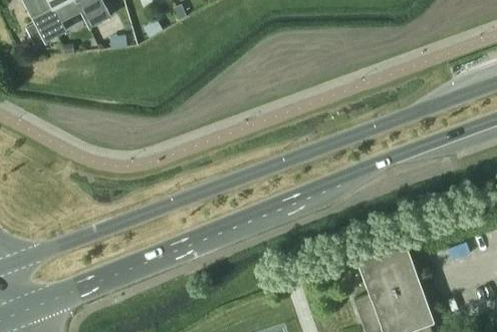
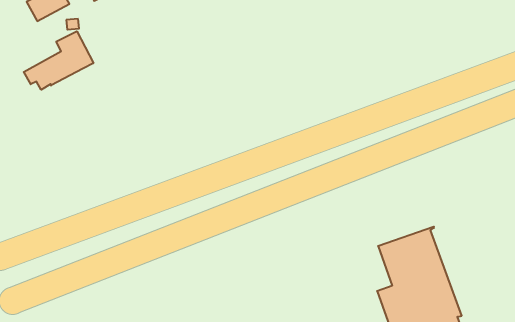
building: none -> [24,31,93,90]

